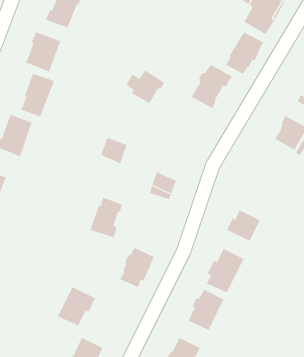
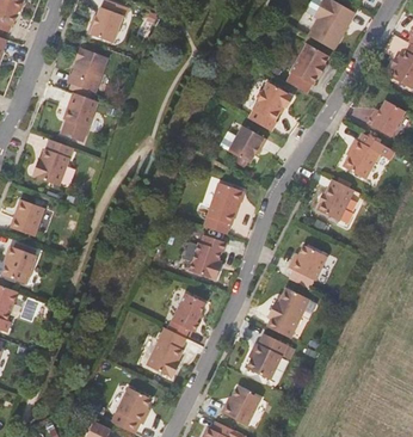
building: [125,69,165,104] -> [222,125,266,164]
building: [101,137,127,164] -> [211,183,241,213]
building: none -> [314,178,351,220]
building: [90,197,123,238] -> [191,235,228,281]
building: [57,286,96,326] -> [143,334,186,378]

